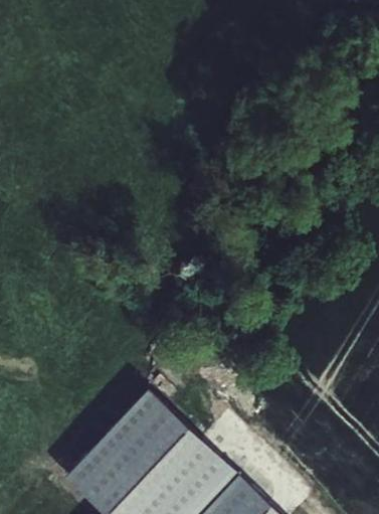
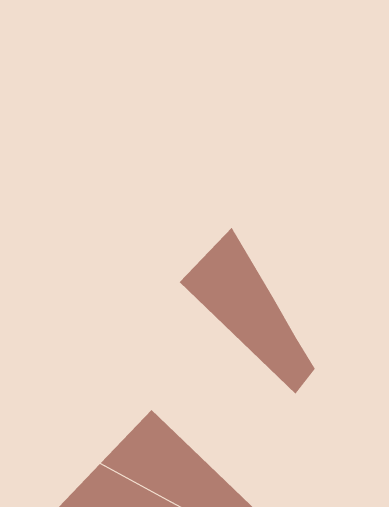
building: none -> [179,227,315,394]

